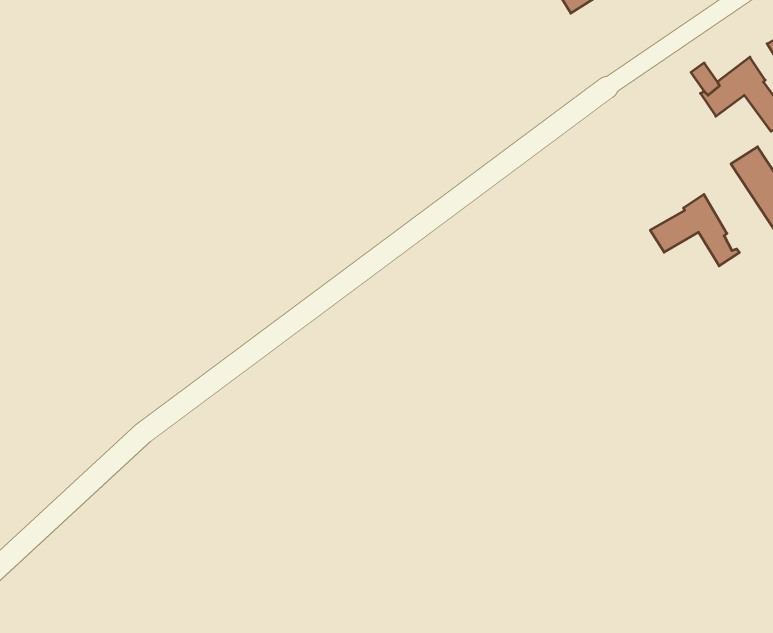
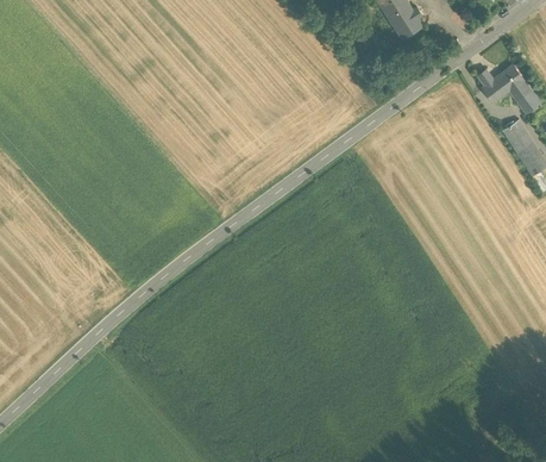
building: [650,194,739,266] -> none

